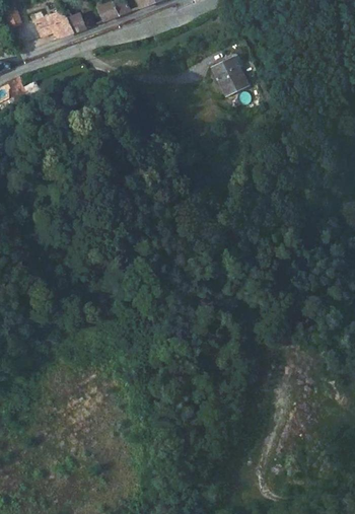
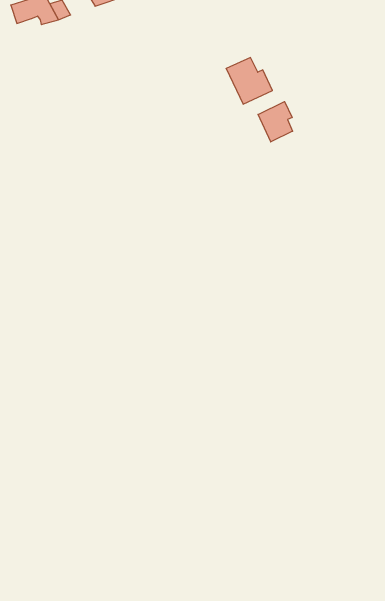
building: none -> [258,102,293,142]

